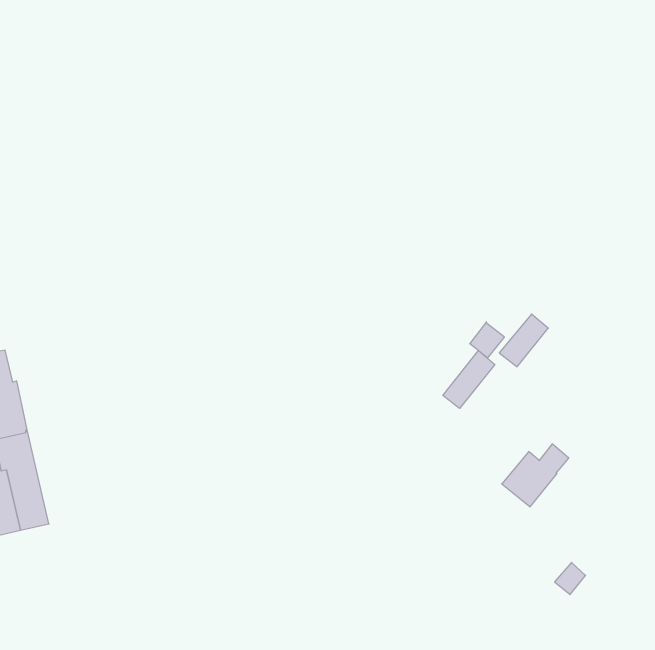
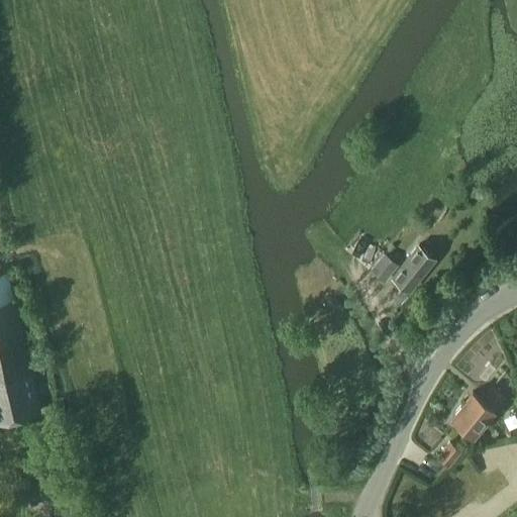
building: [443,350,495,408] -> none
building: [502,444,569,507] -> [449,392,502,441]

